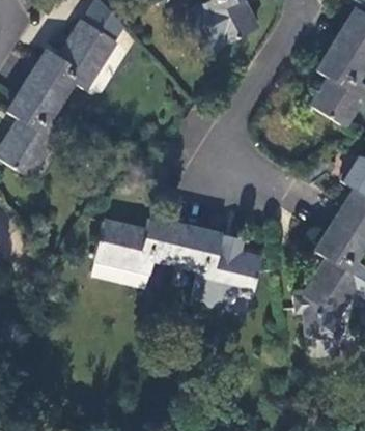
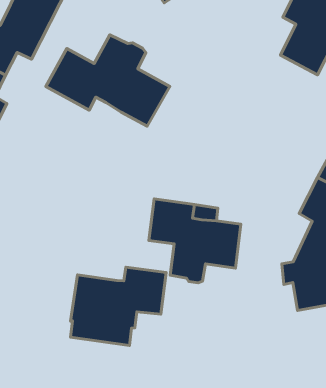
building: none -> [46,35,170,126]
building: [92,217,185,288] -> [70,267,166,346]

